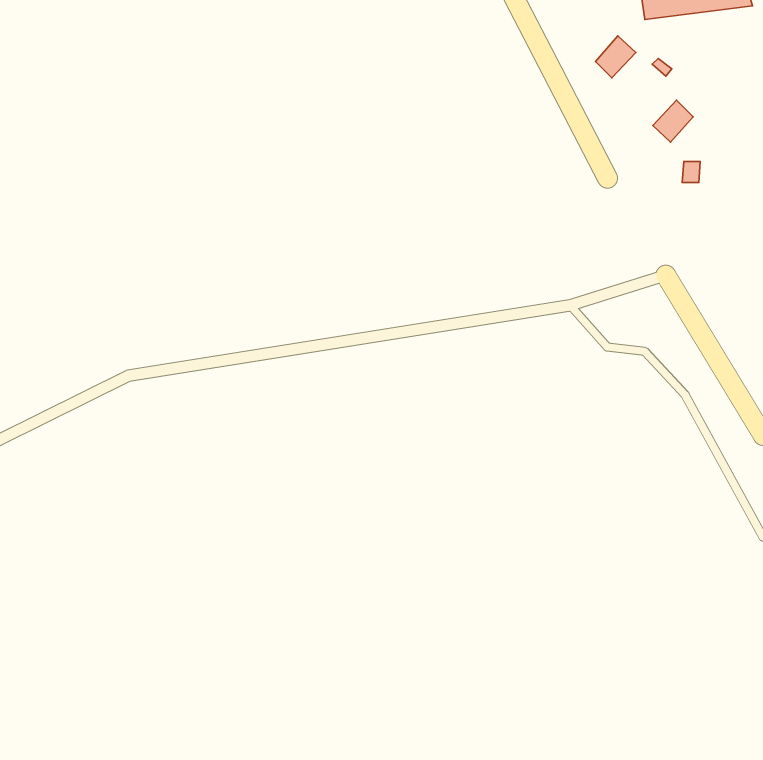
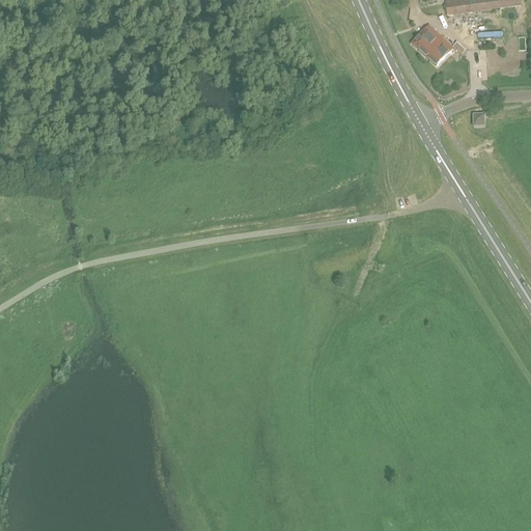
building: [653,100,693,142] -> [424,36,452,65]

